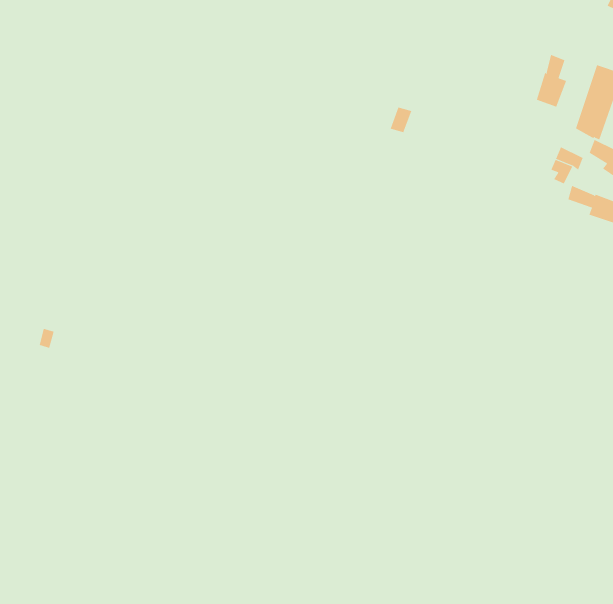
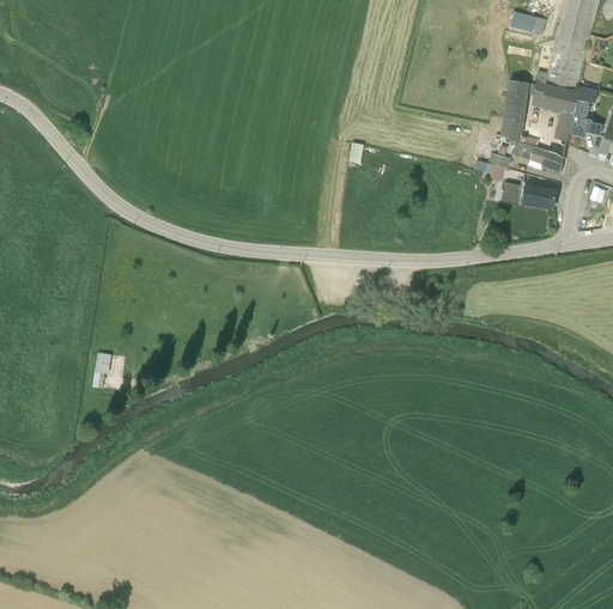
building: [536,54,567,107] -> none

